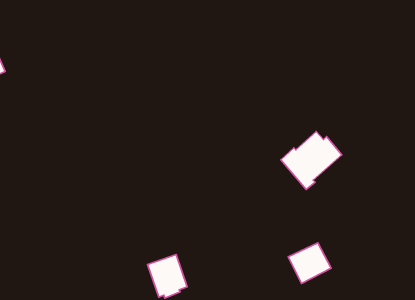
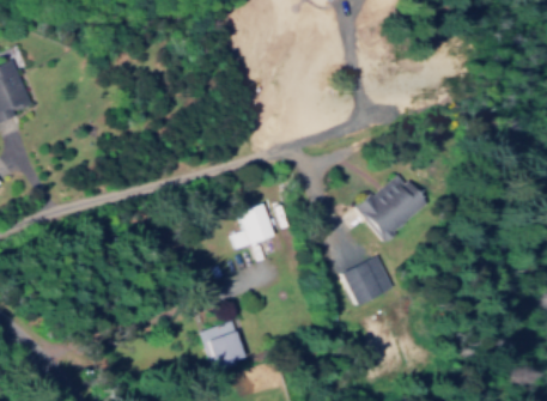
building: none -> [232,202,275,248]
building: [288,243,331,283] -> [342,256,393,304]

